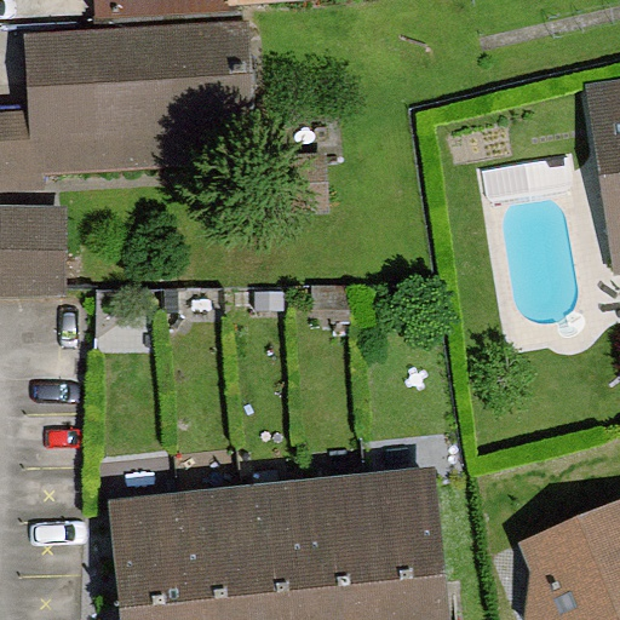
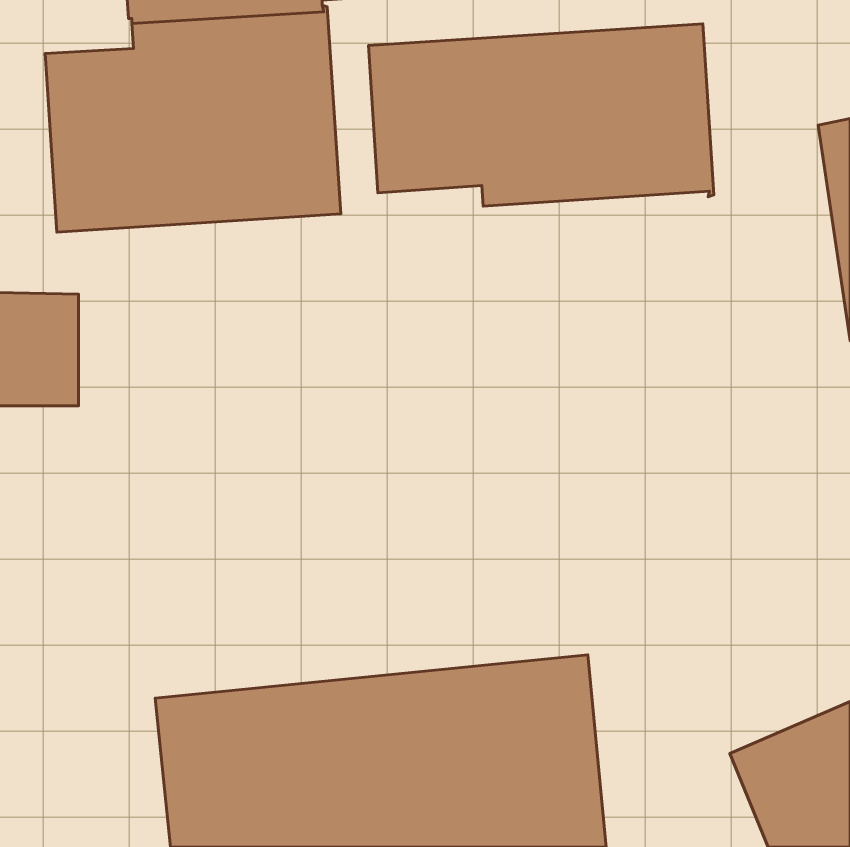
building: none -> [368,24,714,206]

